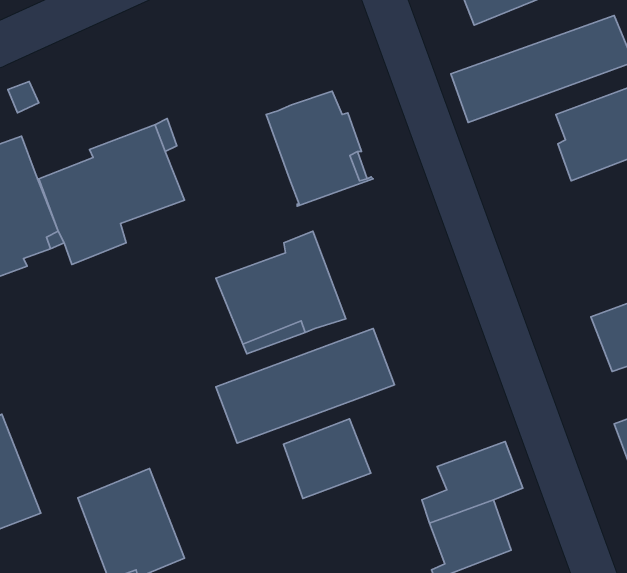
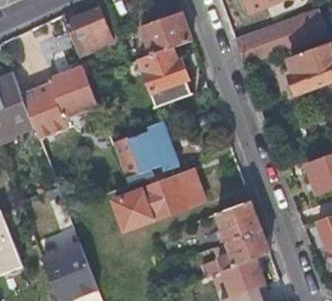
building: none -> [65,8,112,56]
building: none -> [142,11,192,55]
building: [283,419,371,498] -> [217,200,262,241]

